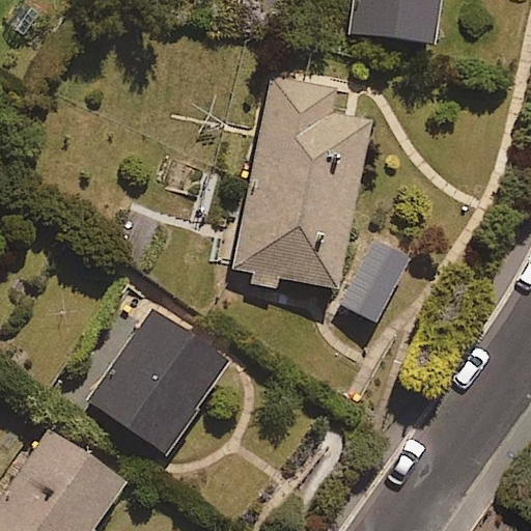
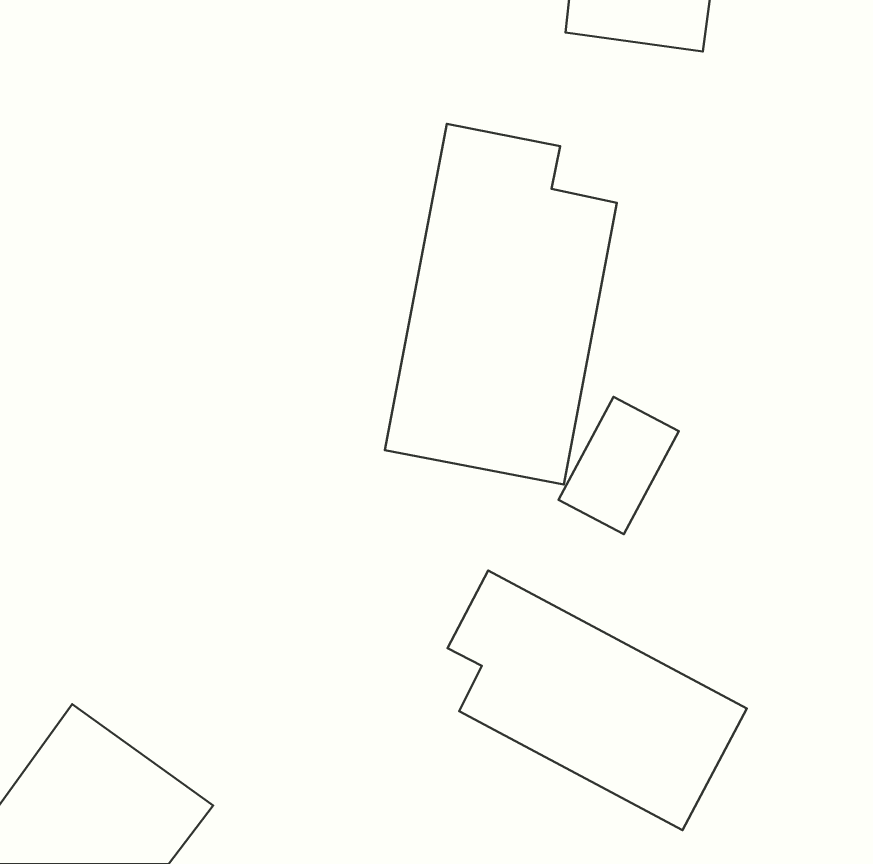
building: [86,310,229,455] -> none
building: none -> [448,571,747,830]

